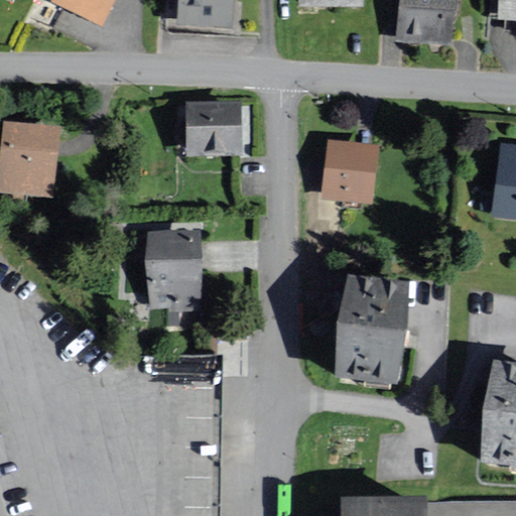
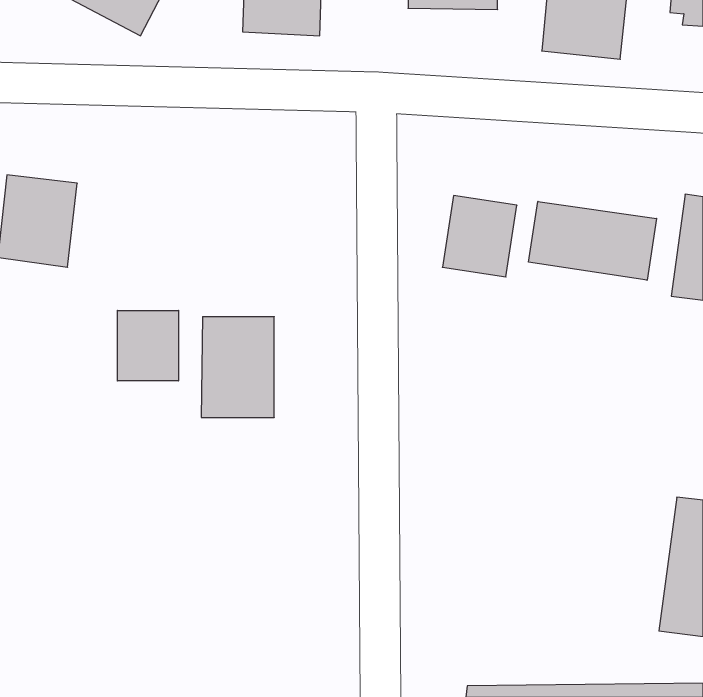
building: [188,105,240,151] -> none
building: none -> [529,201,657,280]
building: none -> [117,310,179,381]
building: [338,287,407,386] -> none

